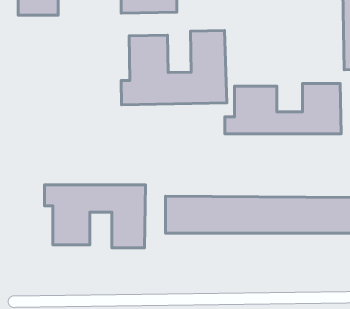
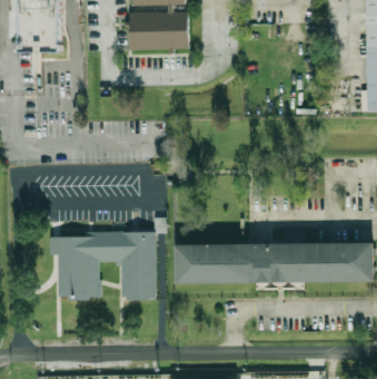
building: [121,31,227,105] -> none
building: [225,84,341,134] -> none

